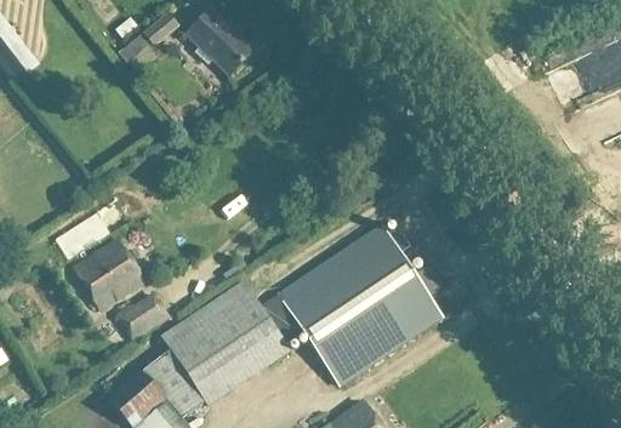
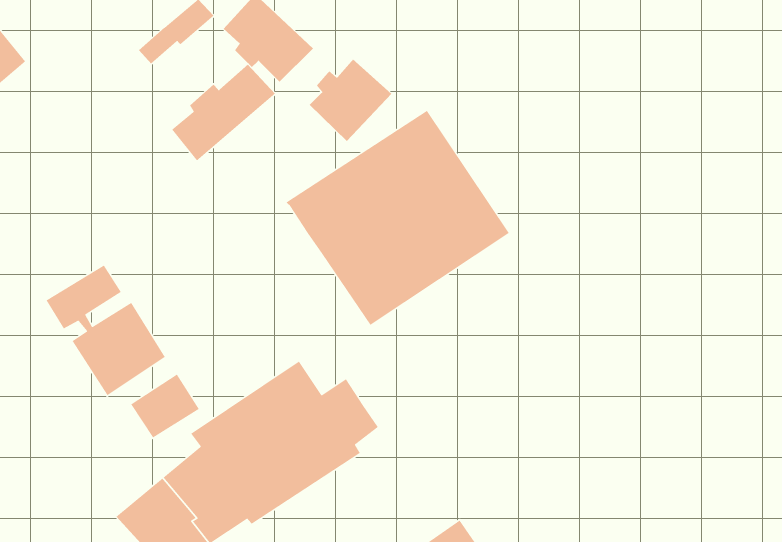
building: none -> [309,58,392,142]
building: none -> [171,64,276,161]
building: [275,223,443,384] -> [286,110,510,326]

